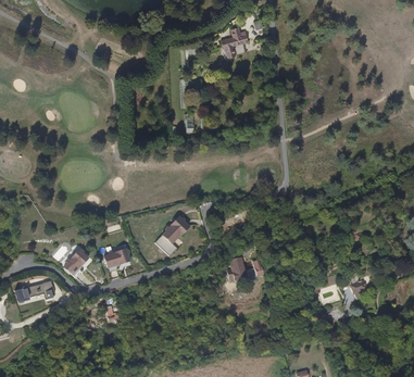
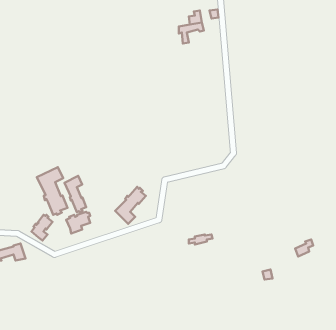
building: none -> [37,167,68,215]
building: none -> [64,176,86,212]

